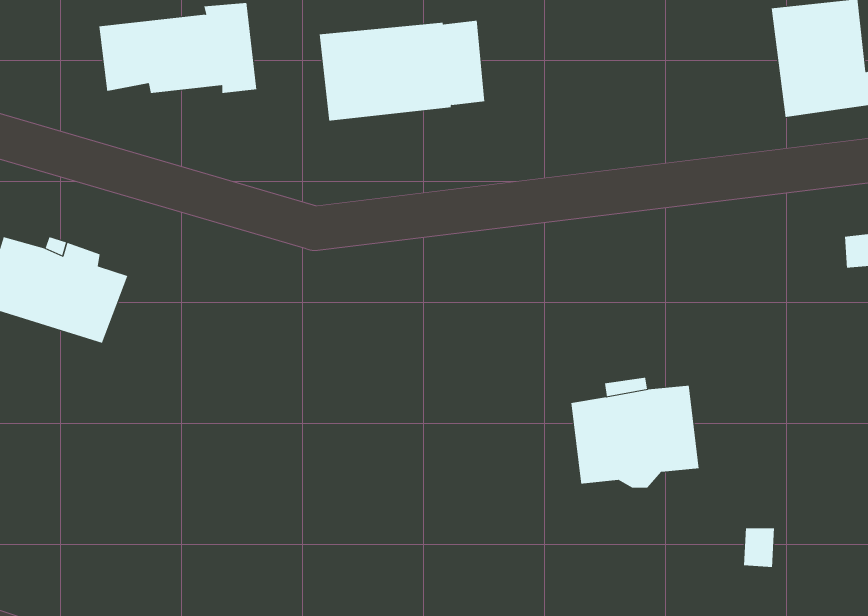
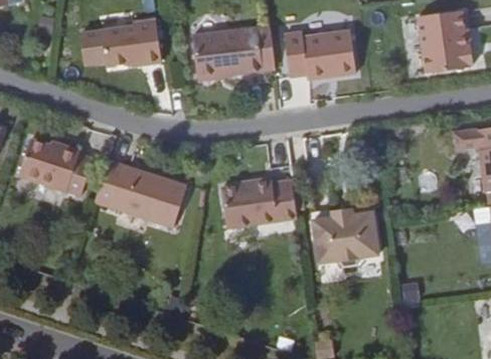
building: none -> [282,32,352,79]
building: none -> [95,157,184,221]
building: none -> [217,173,294,222]

